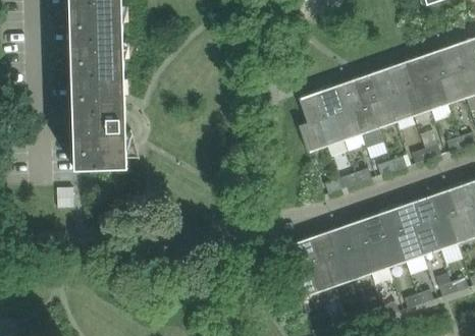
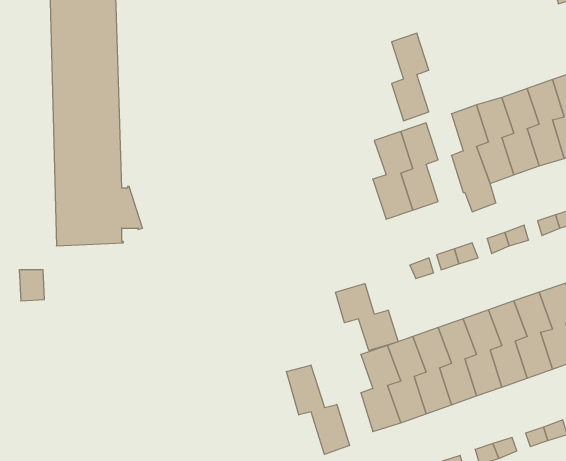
building: [334,79,360,139] -> [392,33,429,121]
building: none -> [335,284,398,350]
building: none -> [286,365,349,454]

